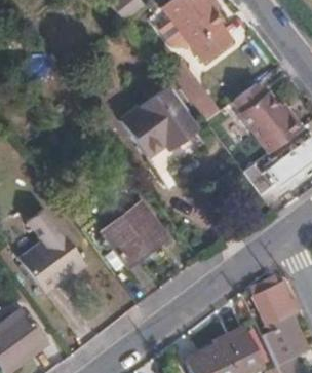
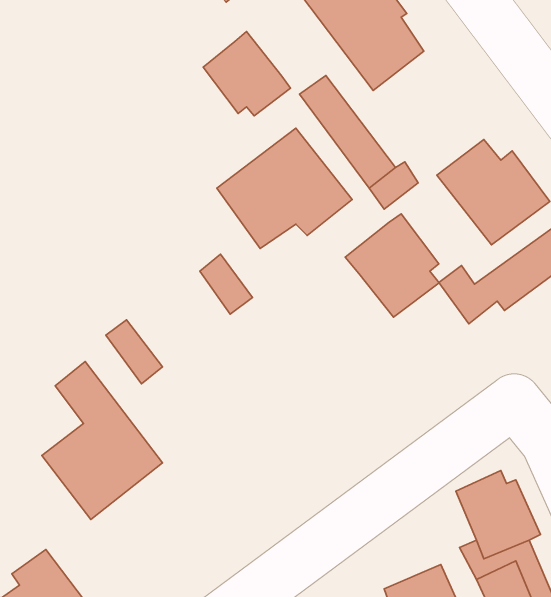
building: none -> [203,31,291,116]
building: none -> [345,214,439,317]
building: [100,200,164,264] -> none

